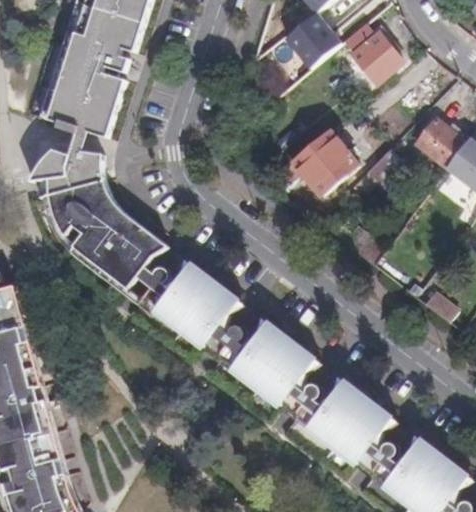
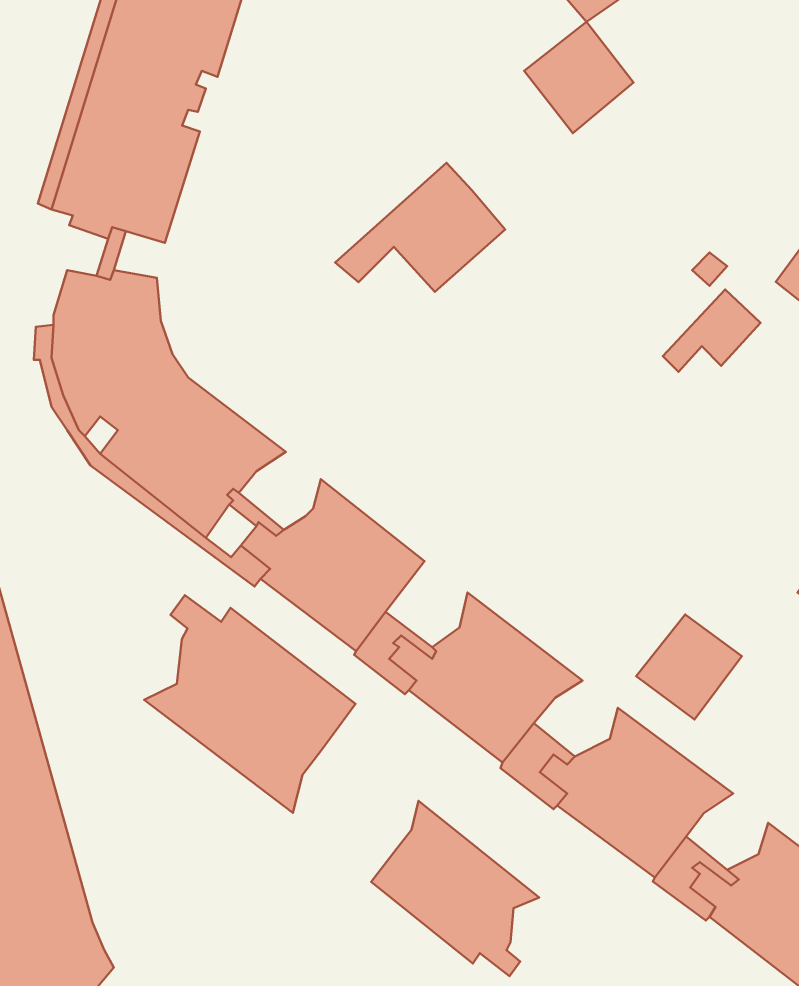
building: [345,31,406,92] -> none
building: [271,136,358,202] -> [335,163,505,292]
building: none -> [144,595,356,813]
building: none -> [636,614,742,719]
building: none -> [371,801,539,976]

